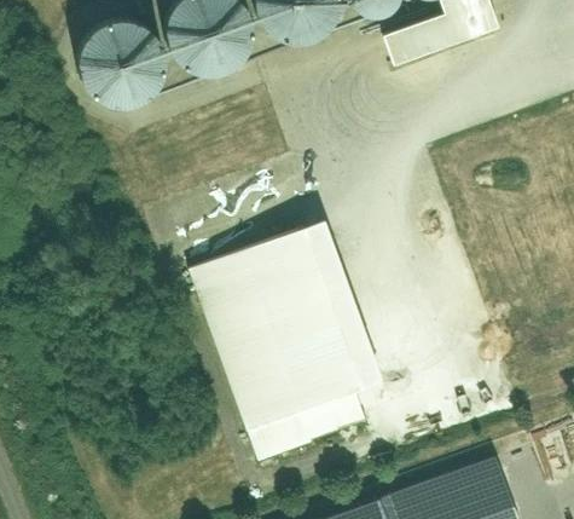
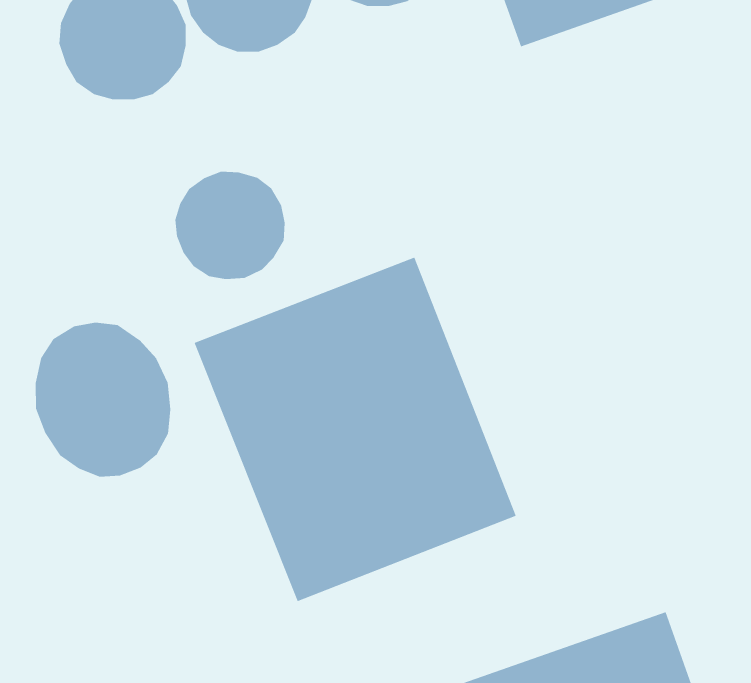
building: none -> [175,171,286,280]
building: none -> [35,322,171,478]

